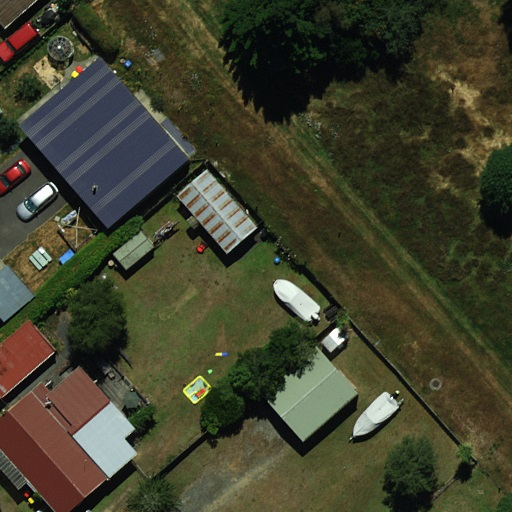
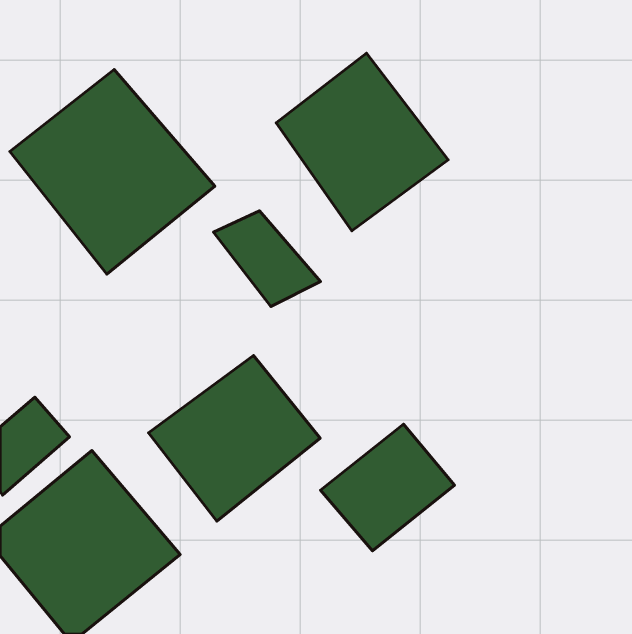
building: none -> [276,53,448,231]
building: none -> [148,355,320,521]

